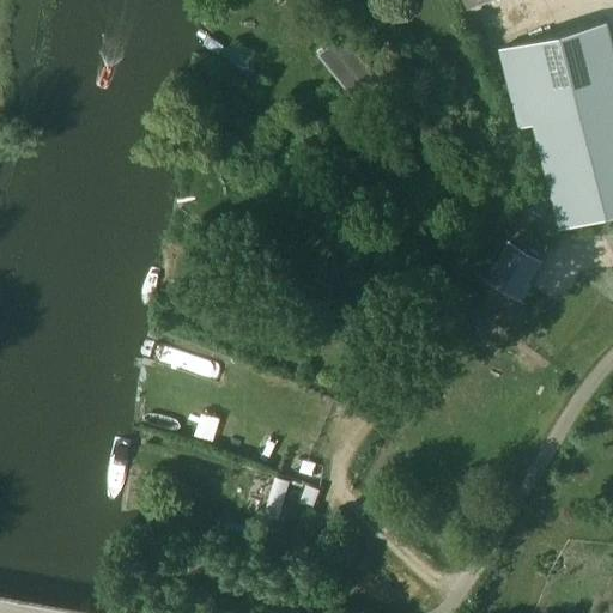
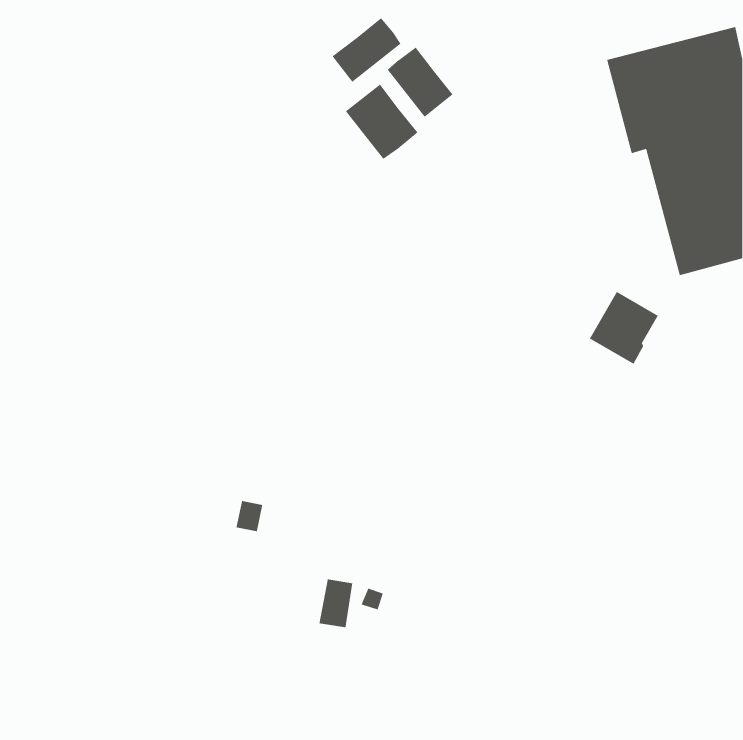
building: none -> [332,17,402,83]
building: none -> [345,84,419,160]

